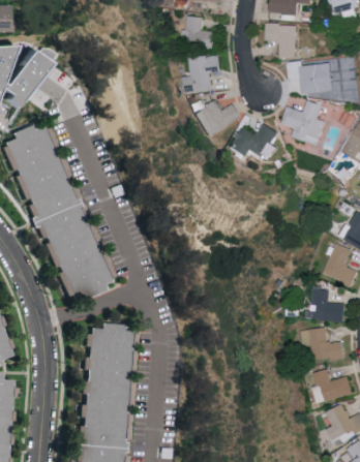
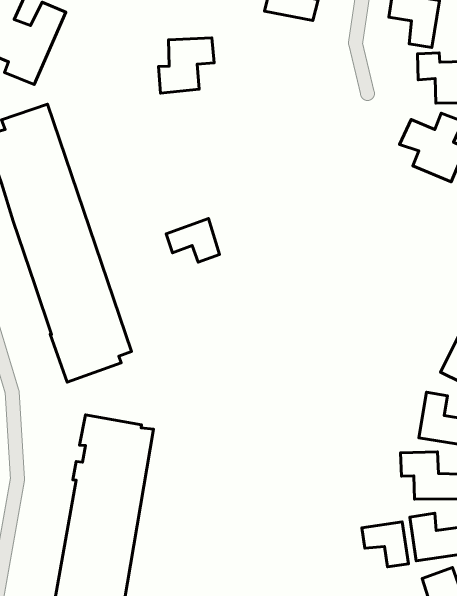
building: [184,54,221,94] -> [158,38,214,93]
building: [194,100,242,136] -> none
building: [230,123,278,161] -> none
building: none -> [166,218,219,262]
building: none -> [362,522,408,567]

